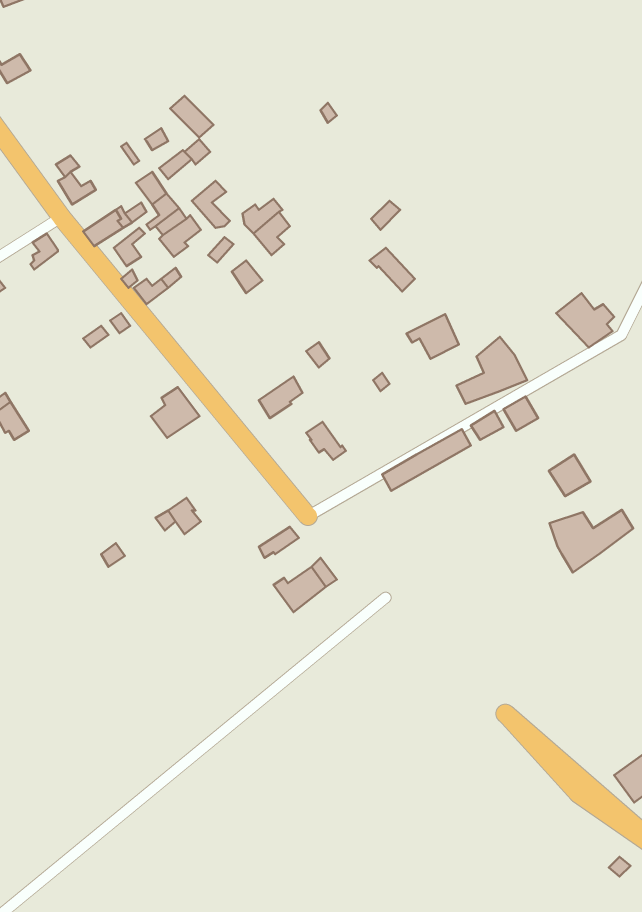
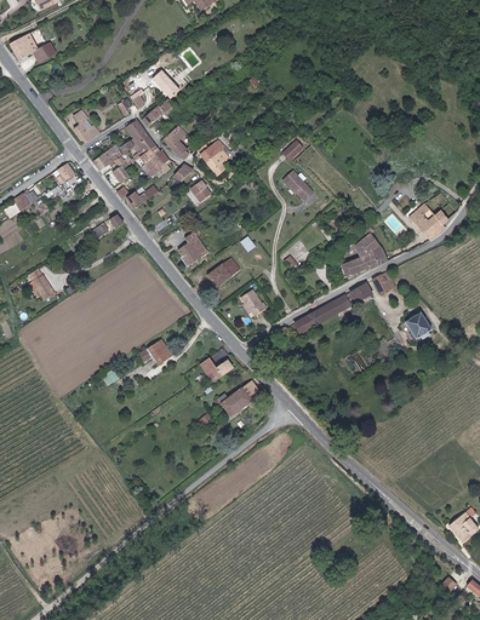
building: [407,314,459,359] -> none
building: [151,387,200,438] -> [175,231,207,265]
building: [550,510,633,573] -> none

